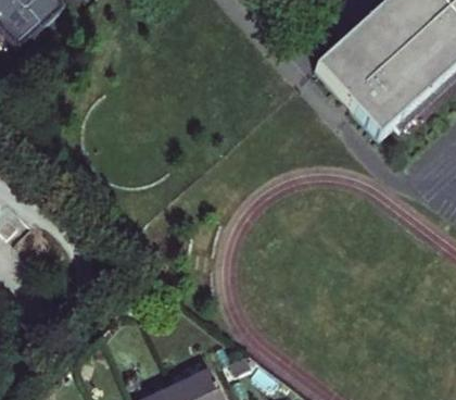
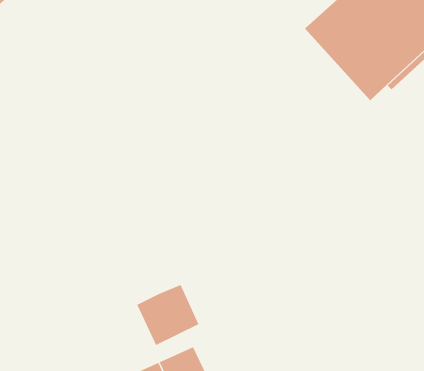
building: none -> [136,284,199,346]

